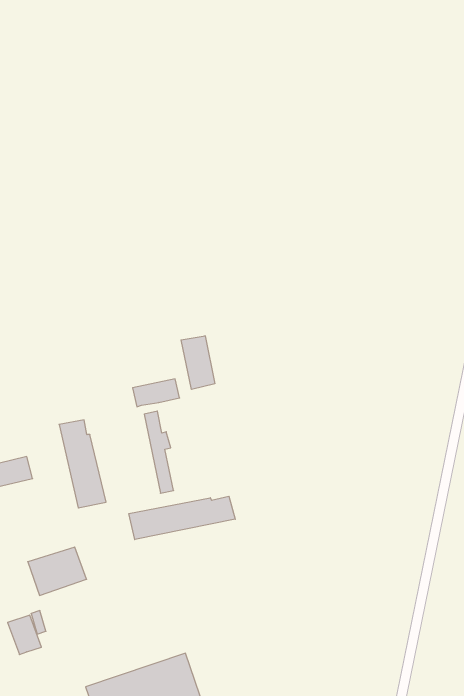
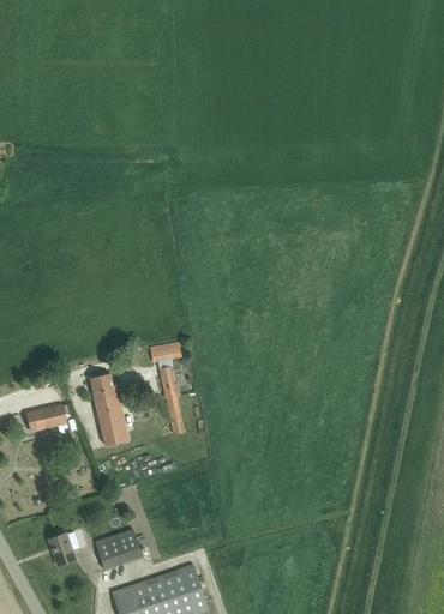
building: [181,336,215,389] -> none
building: [129,496,235,540] -> none
building: [28,547,87,595] -> [94,529,142,568]

